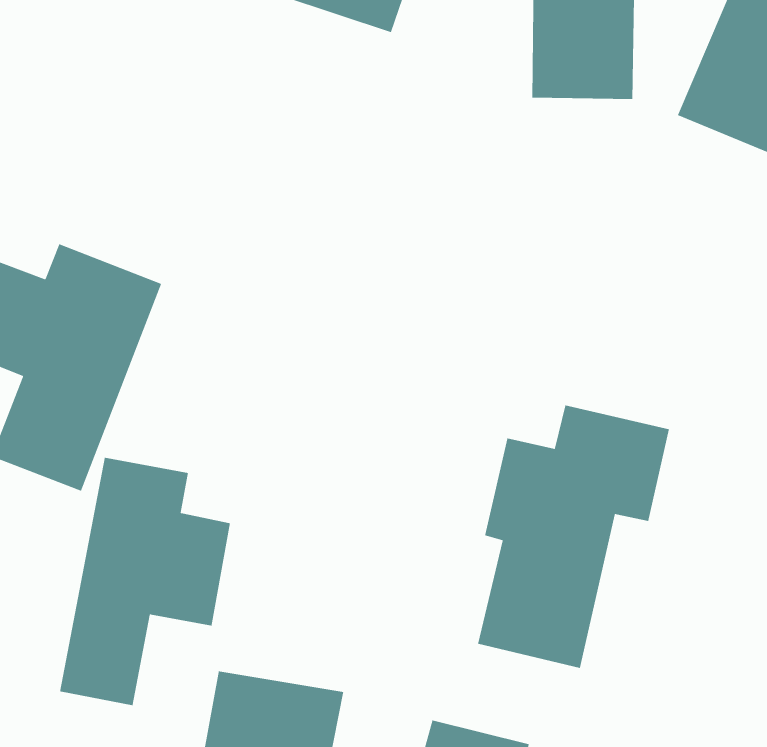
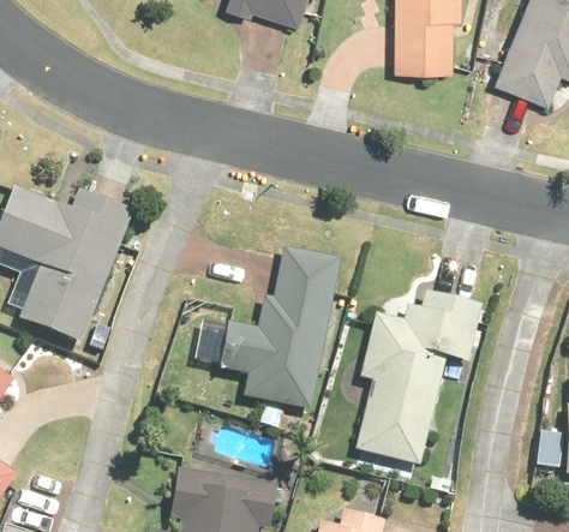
building: none -> [218,245,345,413]
building: [59,457,231,706] -> none

